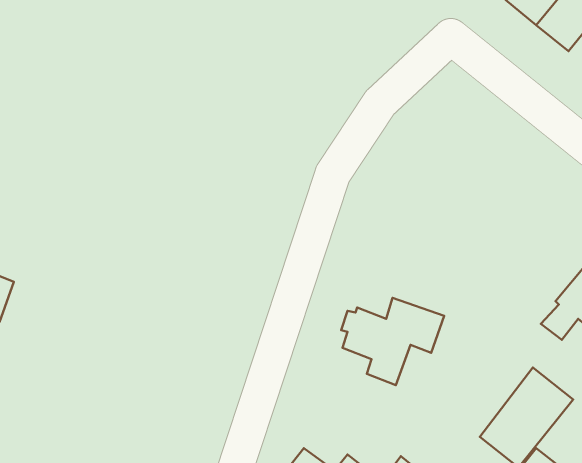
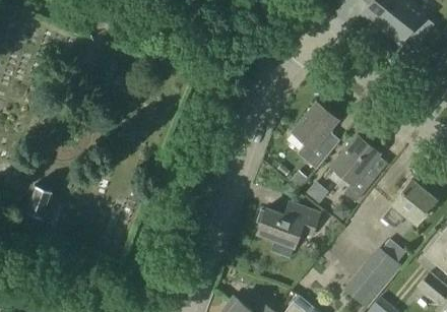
building: none -> [292,103,337,168]
building: none -> [331,134,379,201]

